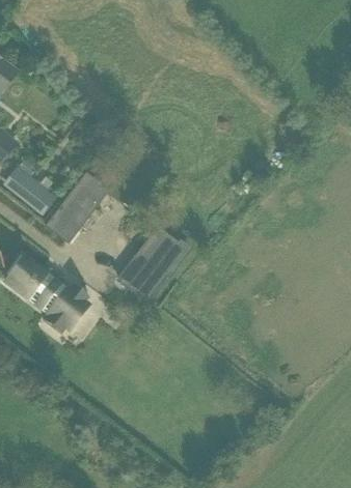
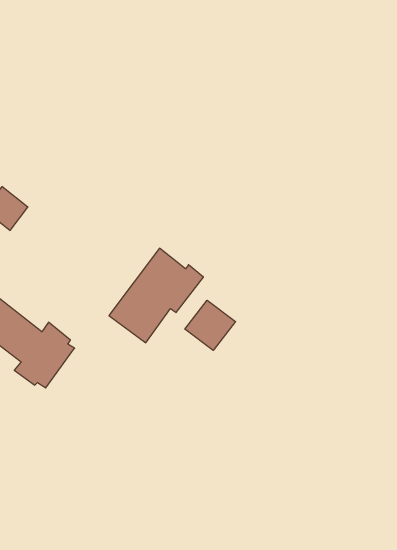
building: [46,170,108,239] -> none
building: none -> [185,300,236,350]

